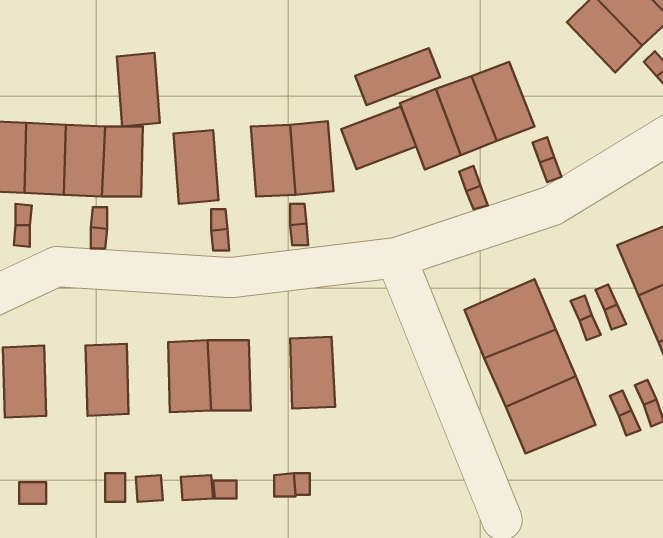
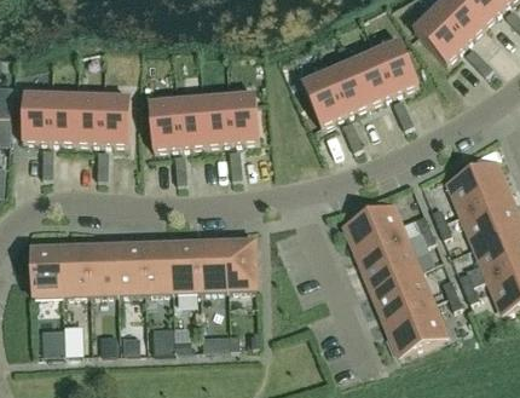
building: none -> [374,42,415,96]
building: [355,48,440,105] -> none
building: [117,53,160,126] -> [174,96,203,145]
building: [341,106,416,169] -> none
building: none -> [198,238,227,287]
building: none -> [116,241,145,289]
building: none -> [60,243,89,290]
building: none -> [385,296,446,350]

